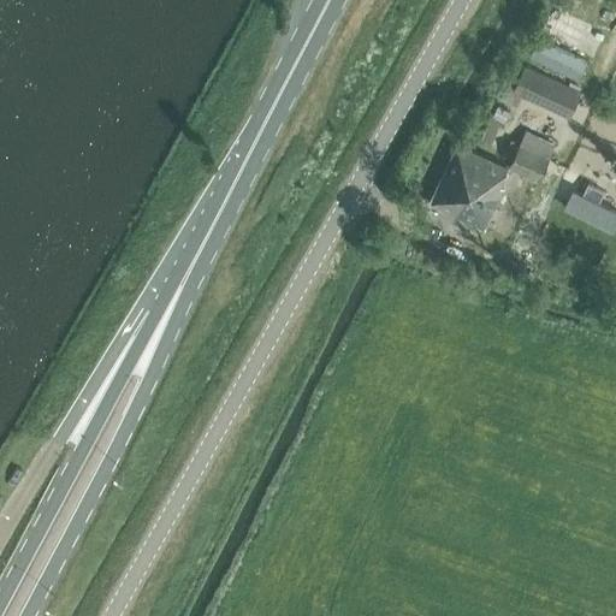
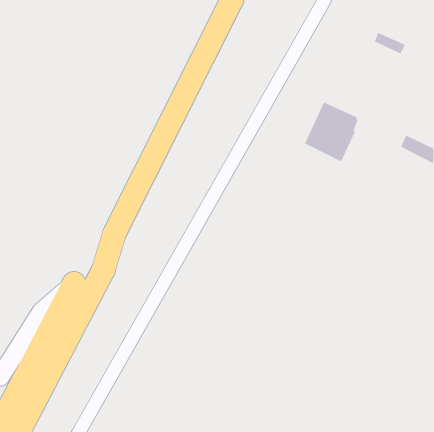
building: [517,70,579,112] -> none
building: [507,135,555,184] -> none

